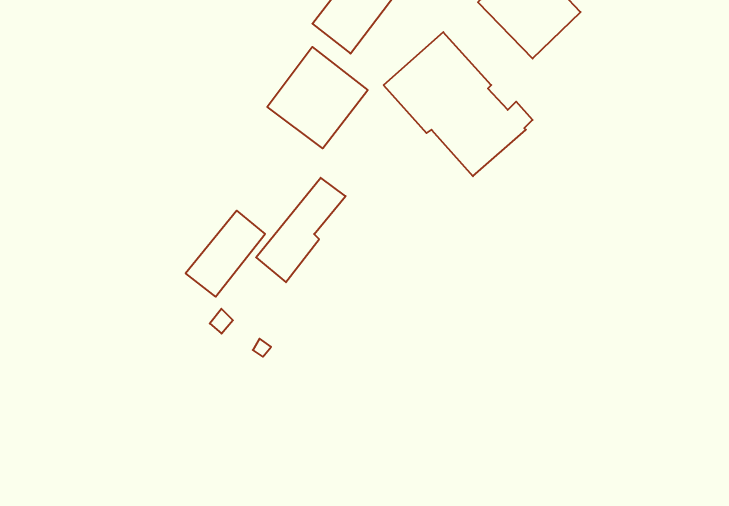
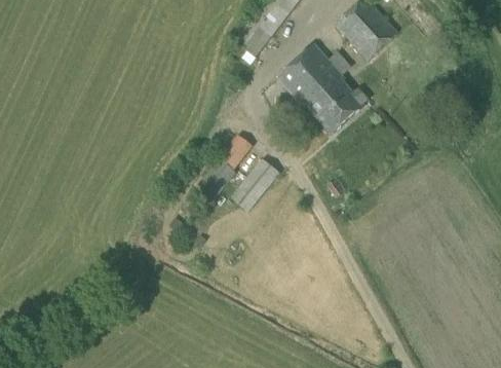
building: [267,47,368,148] -> none
building: [186,211,265,297] -> [230,157,279,211]

